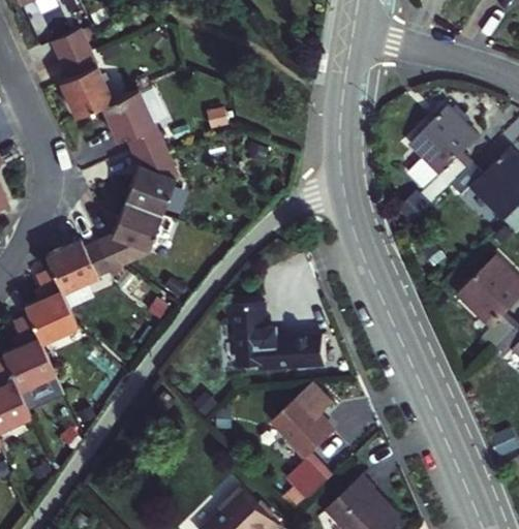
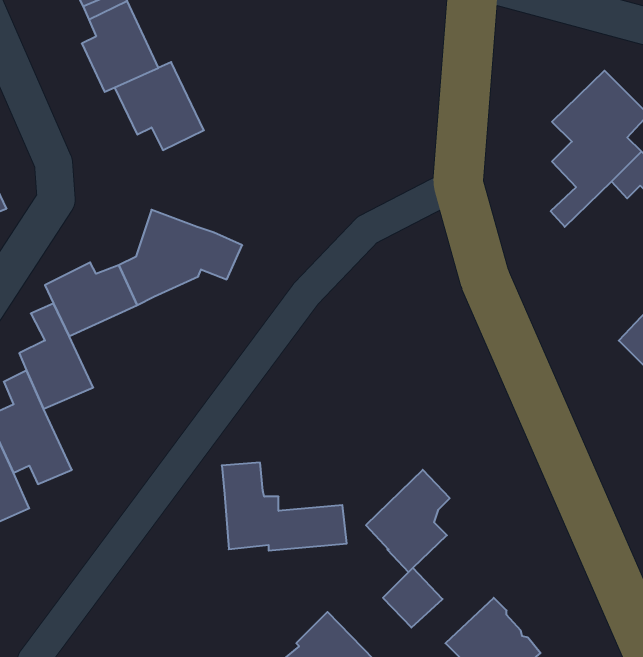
building: [118,143,176,217] -> none
building: [251,309,342,373] -> [222,463,347,551]

